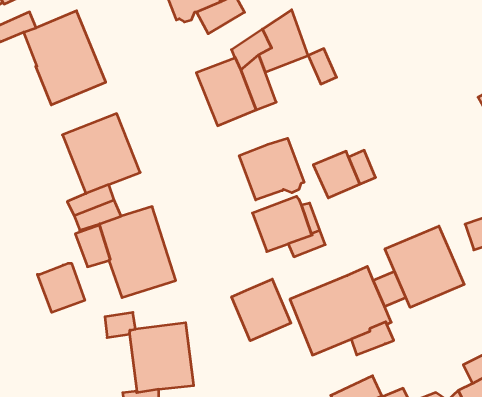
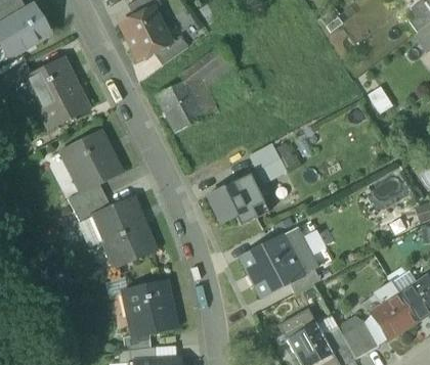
building: [239,138,304,200] -> none
building: [385,226,464,307] -> none
building: [37,263,85,312] -> none
building: [232,279,291,341] -> none

